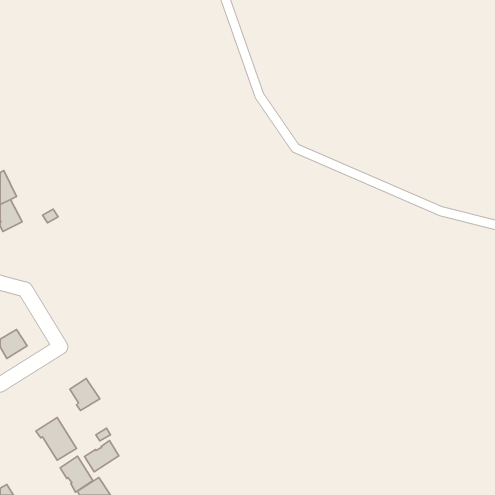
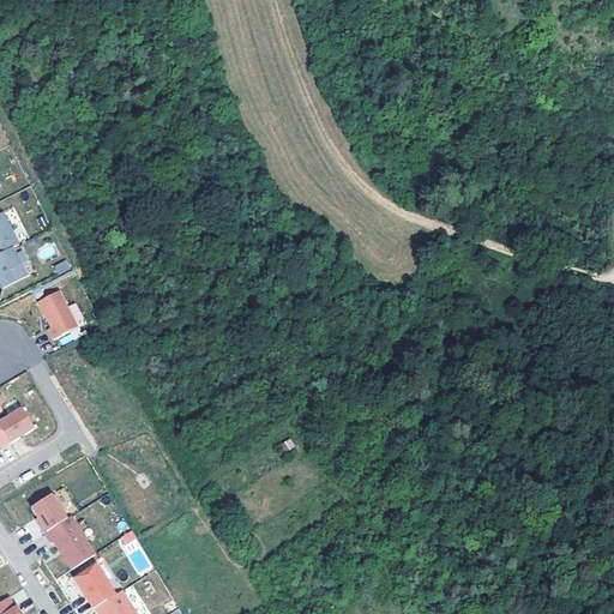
building: none -> [38,290,77,338]
building: [70,379,100,411] -> [30,494,67,534]
building: [85,440,119,472] -> none

